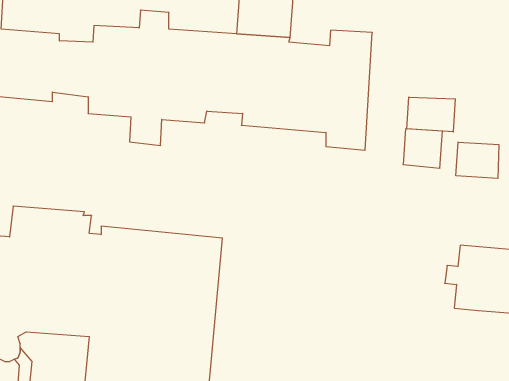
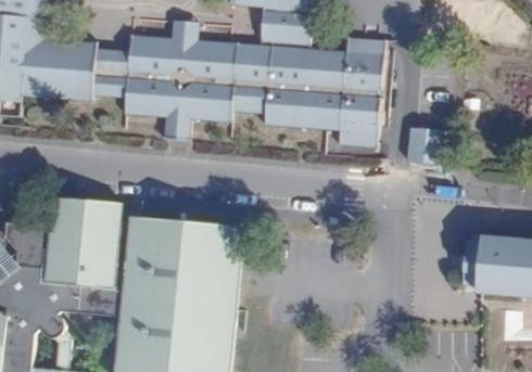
building: [407,97,455,132] -> none
building: [456,142,499,178] -> none

